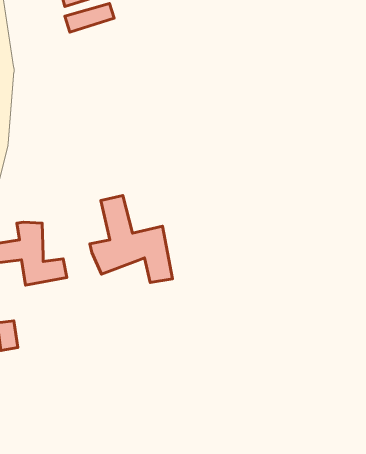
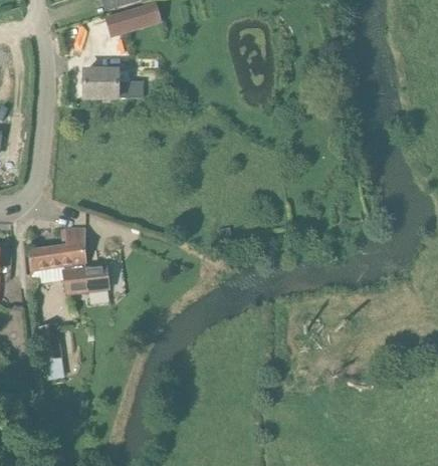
building: none -> [83,70,144,98]
building: [90,195,172,282] -> none

